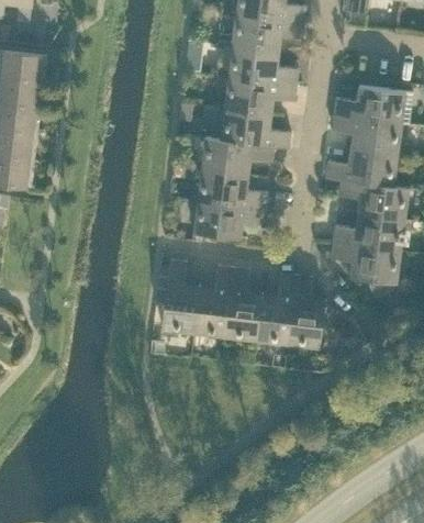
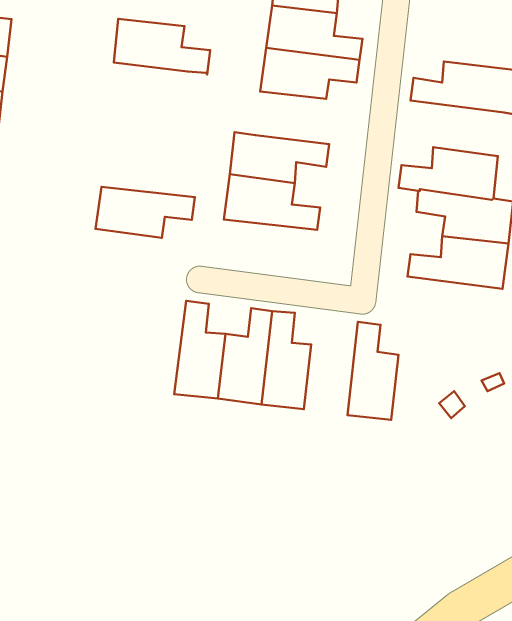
building: [219,108,289,148] -> [114,19,210,74]
building: [330,114,400,155] -> none
building: [191,201,264,238] -> [96,187,195,238]
building: [327,243,399,298] -> none
building: [254,274,293,344] -> none

